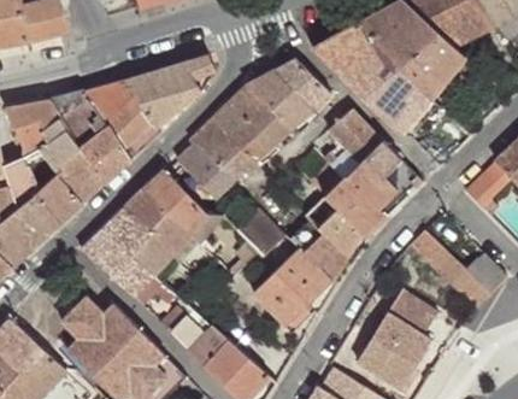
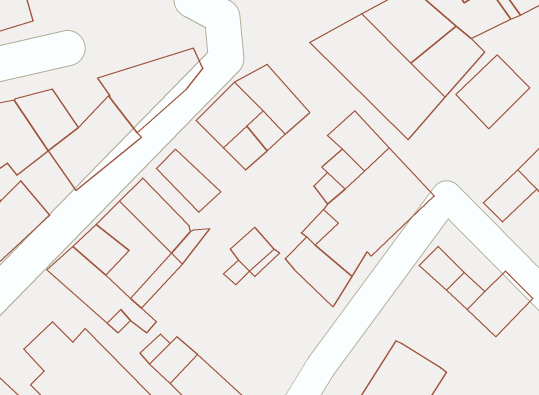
building: [275,58,331,111] -> none
building: none -> [456,55,530,129]
building: [86,81,136,124] -> none
building: [192,118,255,181] -> none
building: [54,145,106,201] -> none
building: [253,250,332,327] -> none
building: [393,292,442,336] -> none

